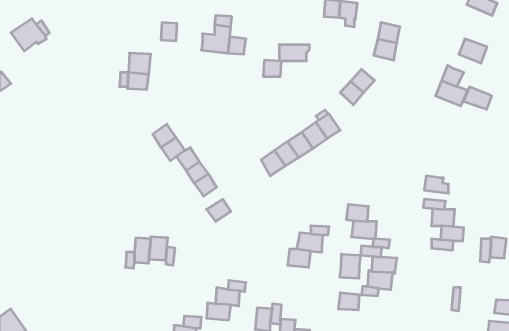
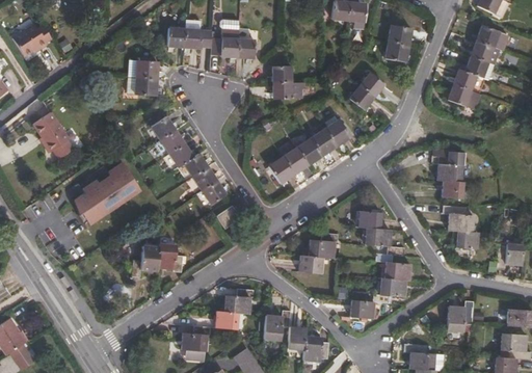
building: none -> [183,19,210,46]
building: none -> [479,27,511,52]
building: [279,45,309,61] -> [272,80,303,97]
building: [463,87,492,109] -> [467,57,496,80]
building: none -> [32,108,73,155]
building: none -> [147,112,174,139]
building: none -> [427,153,462,184]
building: none -> [74,159,144,222]
building: [340,254,360,278] -> none
building: none -> [448,305,467,329]

